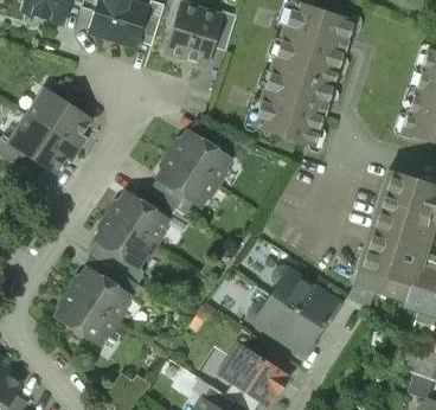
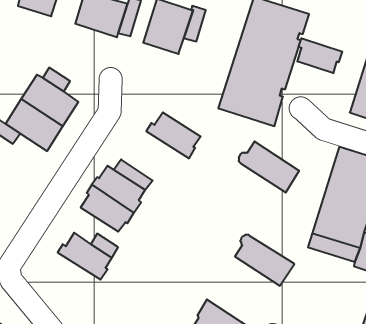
building: none -> [297,38,342,73]
building: [158,152,218,205] -> none
building: [56,289,117,344] -> none
building: [252,294,321,352] -> [239,141,299,193]

